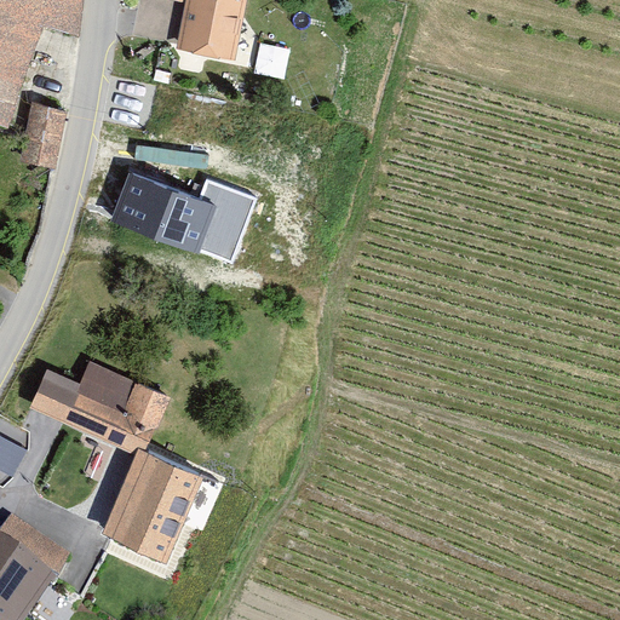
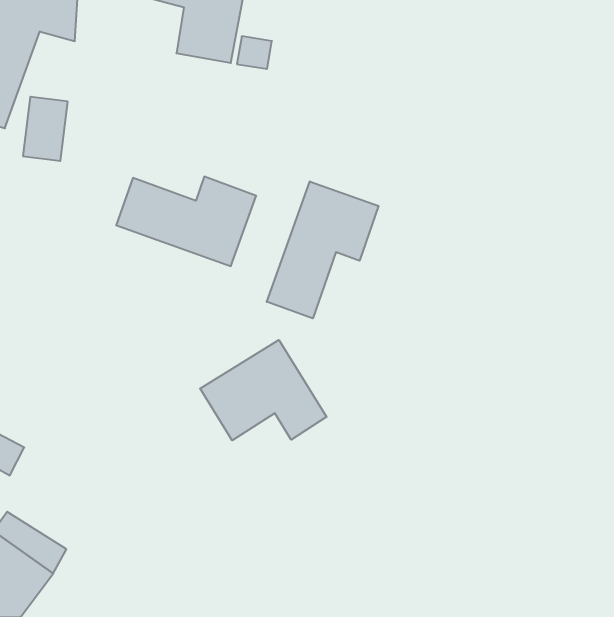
building: none -> [267,181,378,318]
building: none -> [200,340,327,440]
building: [27,361,203,561] -> none

